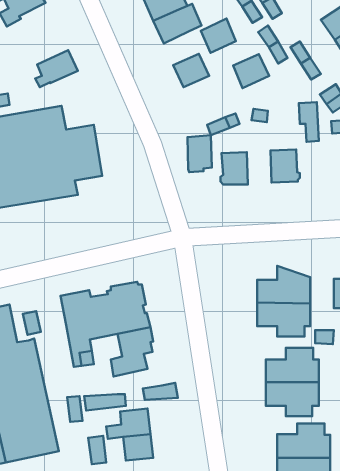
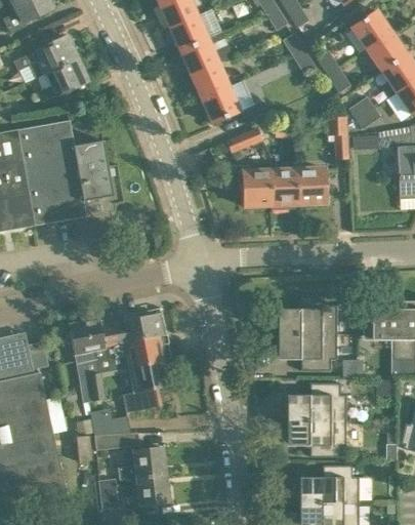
building: [201,19,236,53] -> [179,39,217,76]
building: none -> [25,37,76,78]
building: [233,54,269,88] -> [201,87,240,124]
building: [187,135,212,172] -> [269,168,296,208]
building: [143,383,178,400] -> [91,416,129,435]

